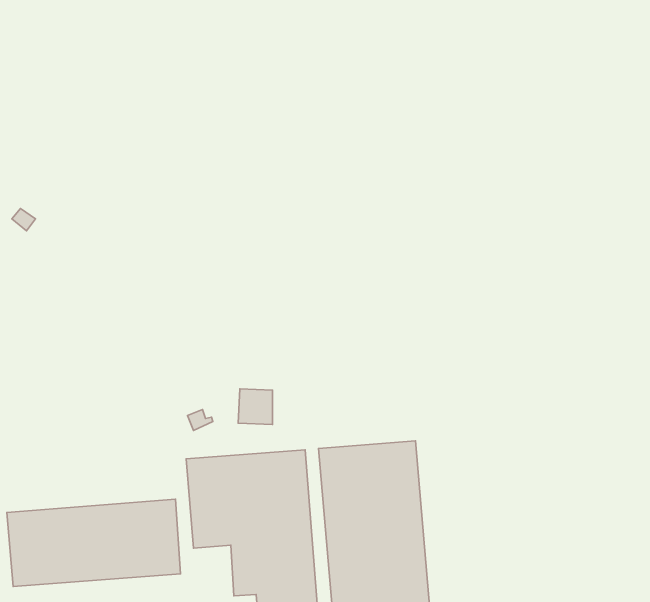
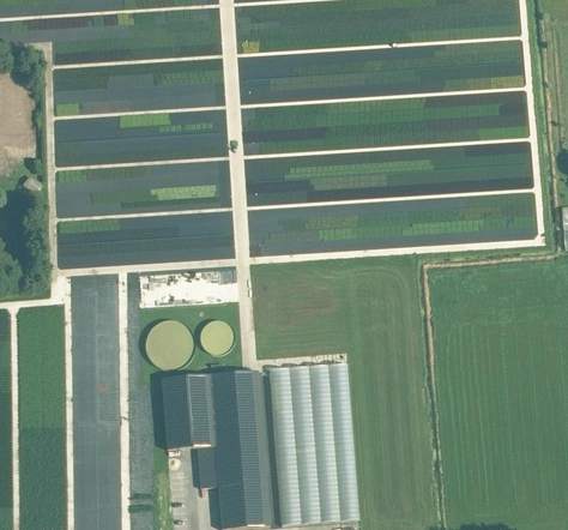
building: [7,499,180,587] -> none

